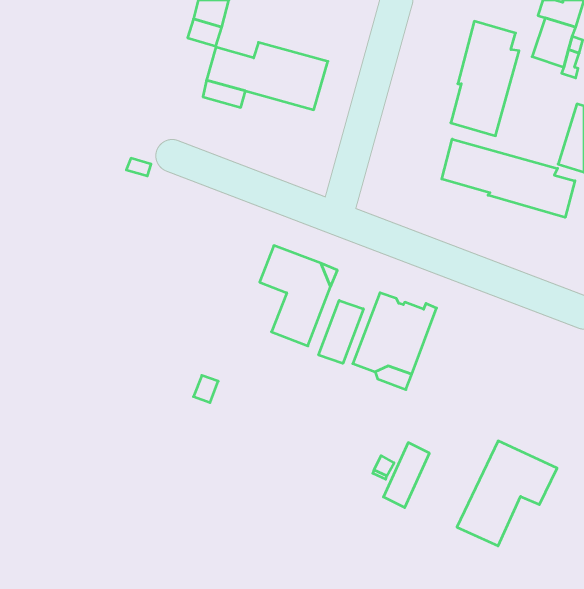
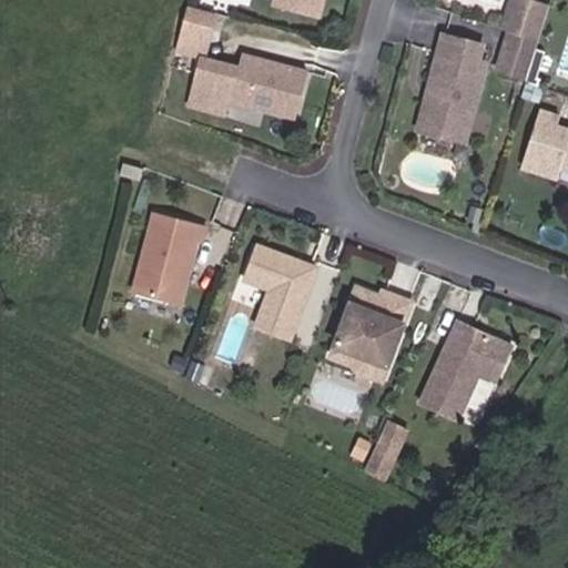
building: [442,139,575,217] -> none
building: none -> [132,211,204,304]
building: [319,300,363,363] -> none
building: [457,441,557,546] -> [420,322,515,420]

